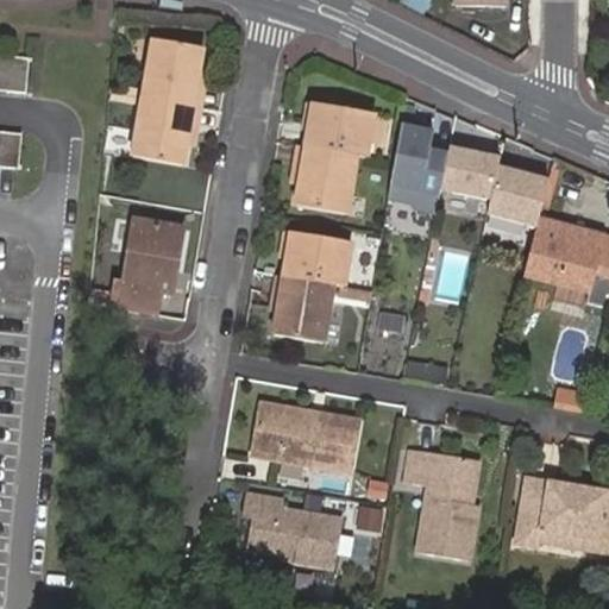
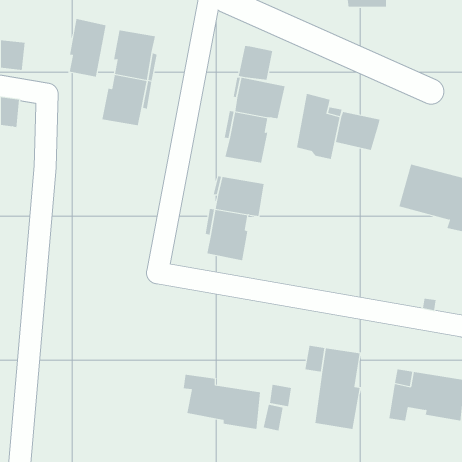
building: none -> [69,18,106,78]
building: none -> [238,45,273,81]
building: [485,167,548,224] -> none
building: [112,220,184,313] -> none
building: [251,402,358,466] -> none

